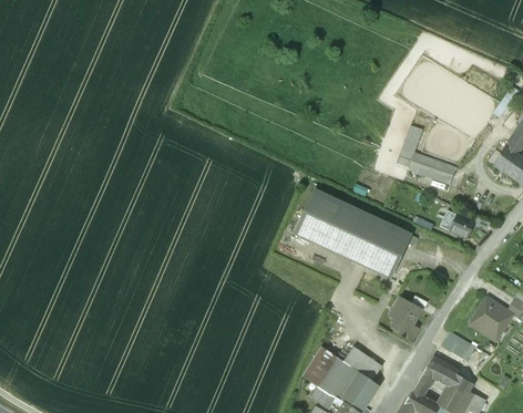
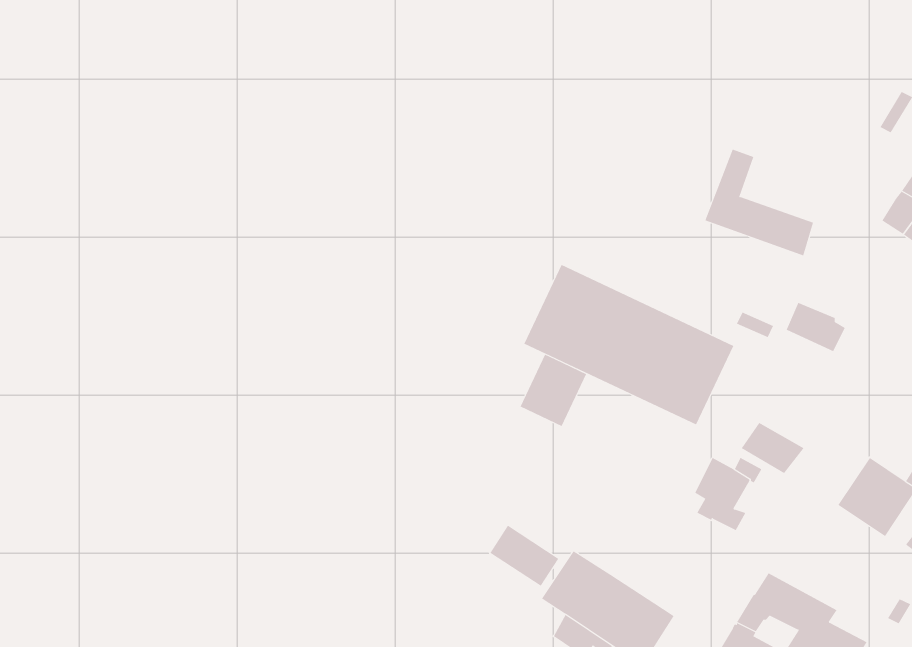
building: none -> [520,354,587,427]
building: [440,332,475,361] -> [741,422,805,474]
building: [342,347,381,381] -> [489,525,559,587]

